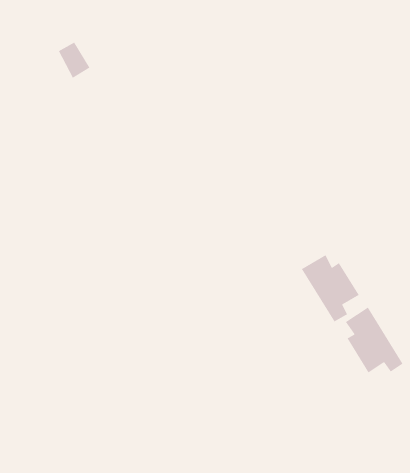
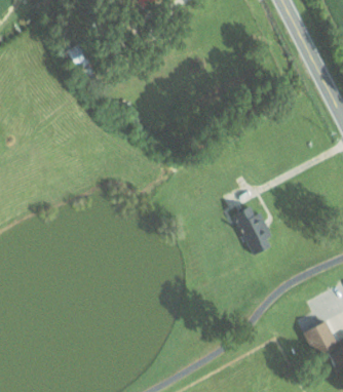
building: [345,306,404,373] -> none

